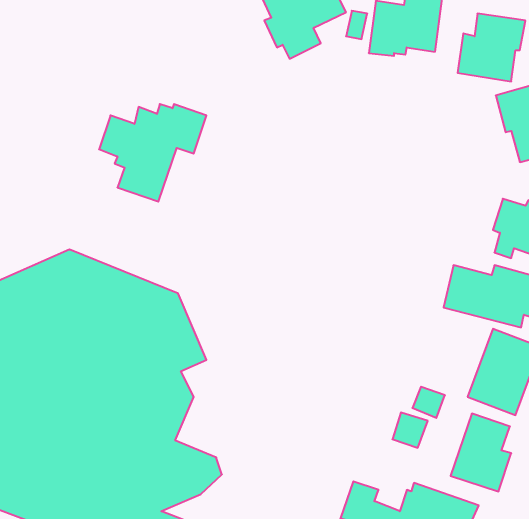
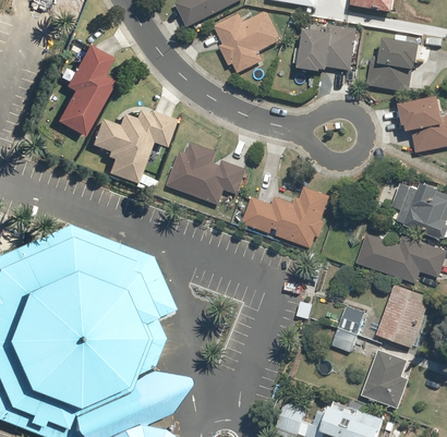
building: none -> [52,44,111,136]
building: none -> [167,141,246,204]
building: none -> [240,185,329,247]
building: [392,412,428,448] -> [339,304,366,331]

